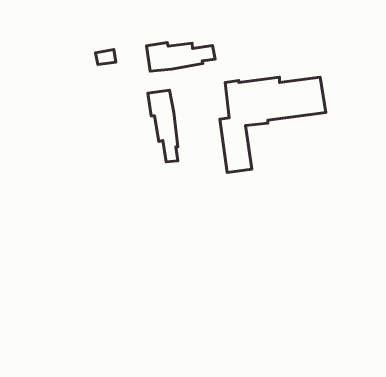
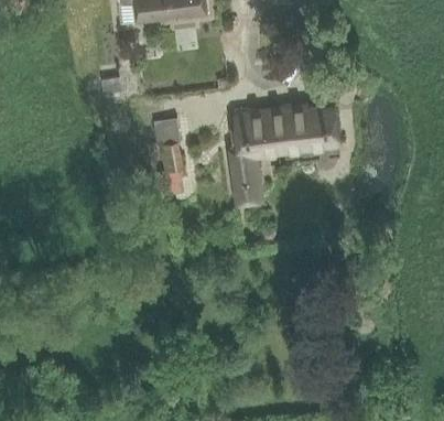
building: [147,43,215,71] -> none

